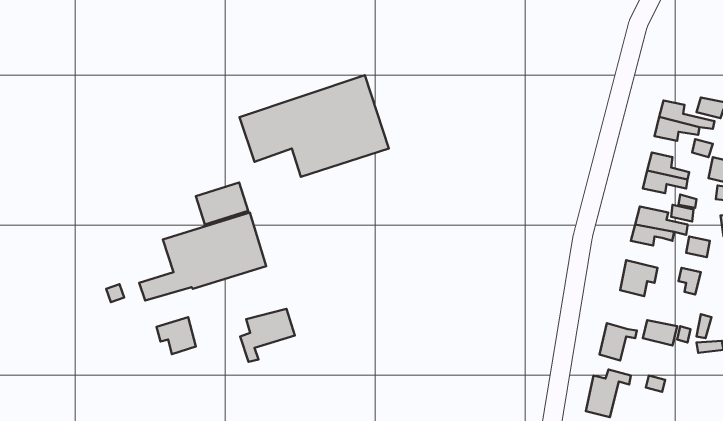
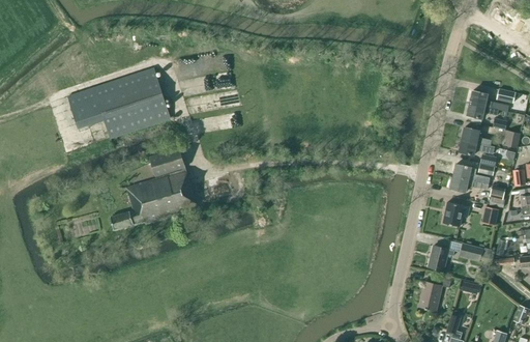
building: [239,75,389,177] -> [66,67,170,138]
building: [240,309,295,362] -> none
building: [157,317,196,354] -> none

